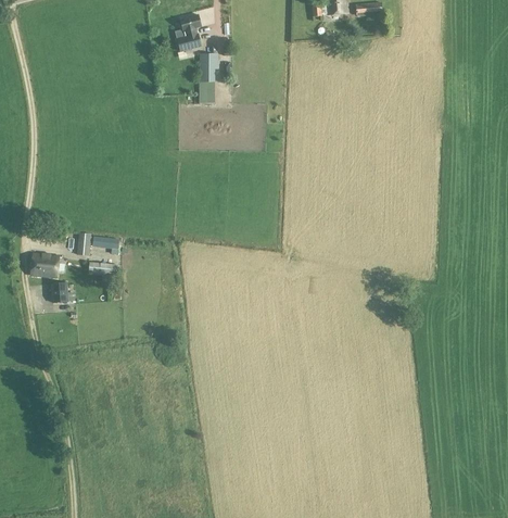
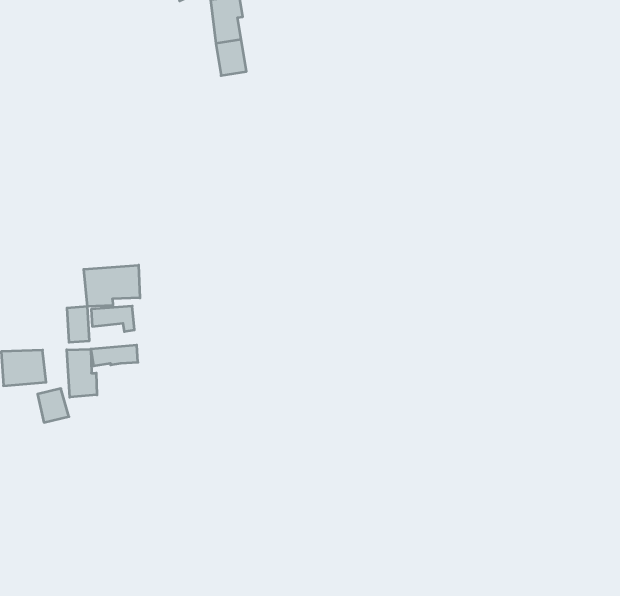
building: none -> [84,265,140,306]
building: none -> [67,349,97,397]

